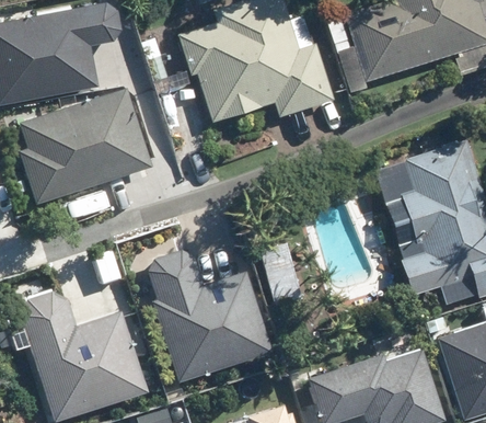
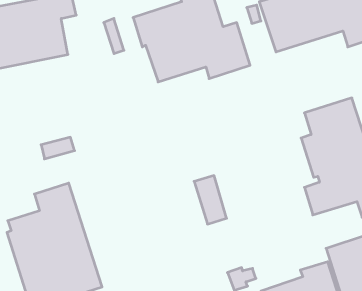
building: [14,91,147,205] -> none
building: [140,248,266,379] -> none

